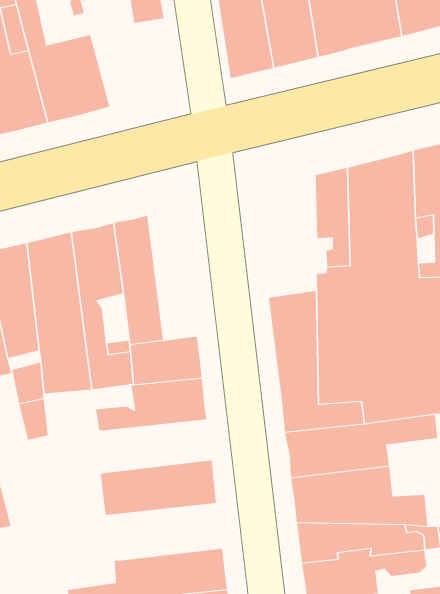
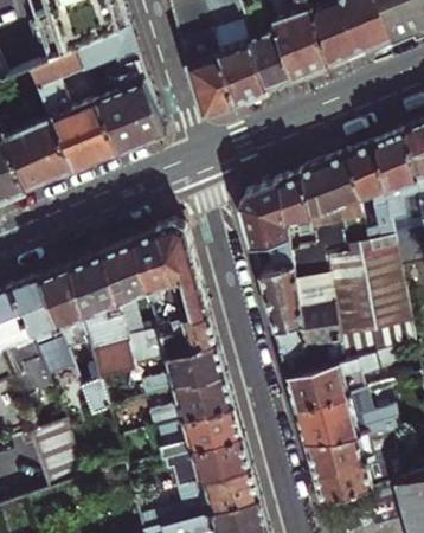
building: none -> [95,79,166,152]
building: none -> [238,180,293,277]
building: none -> [158,221,208,321]
building: none -> [148,375,233,428]
building: none -> [161,437,251,490]

